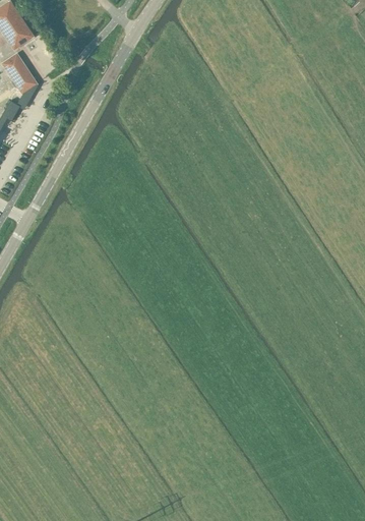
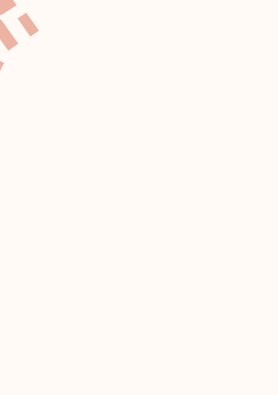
building: none -> [16,11,40,38]

